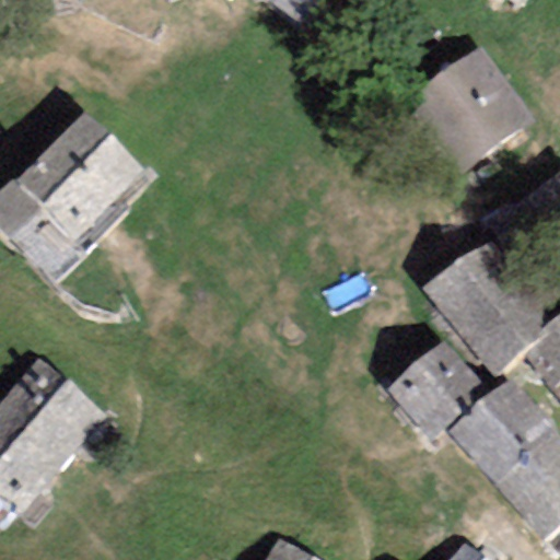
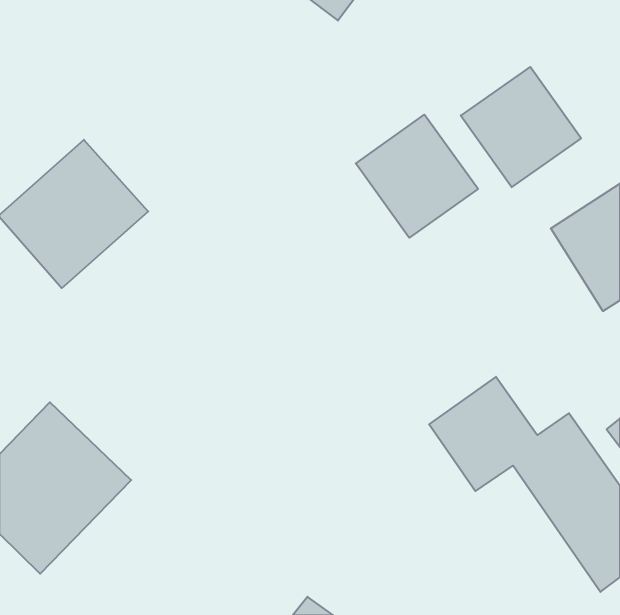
building: none -> [356,115,478,238]
building: [431,247,548,365] -> none

